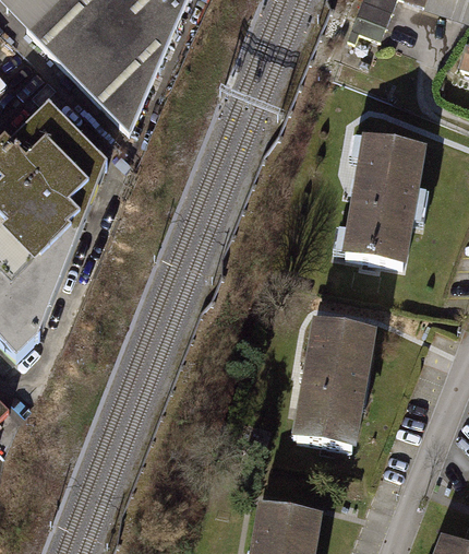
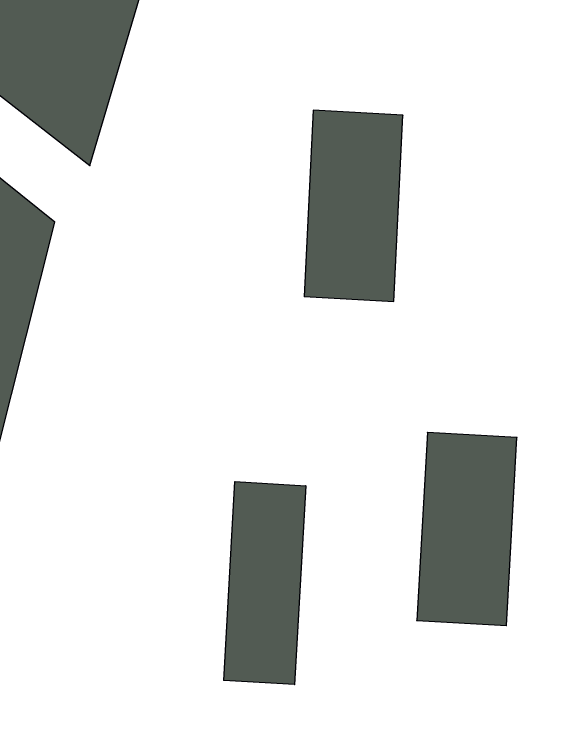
building: [347,138,422,263] -> [304,110,403,301]
building: none -> [224,482,306,685]

